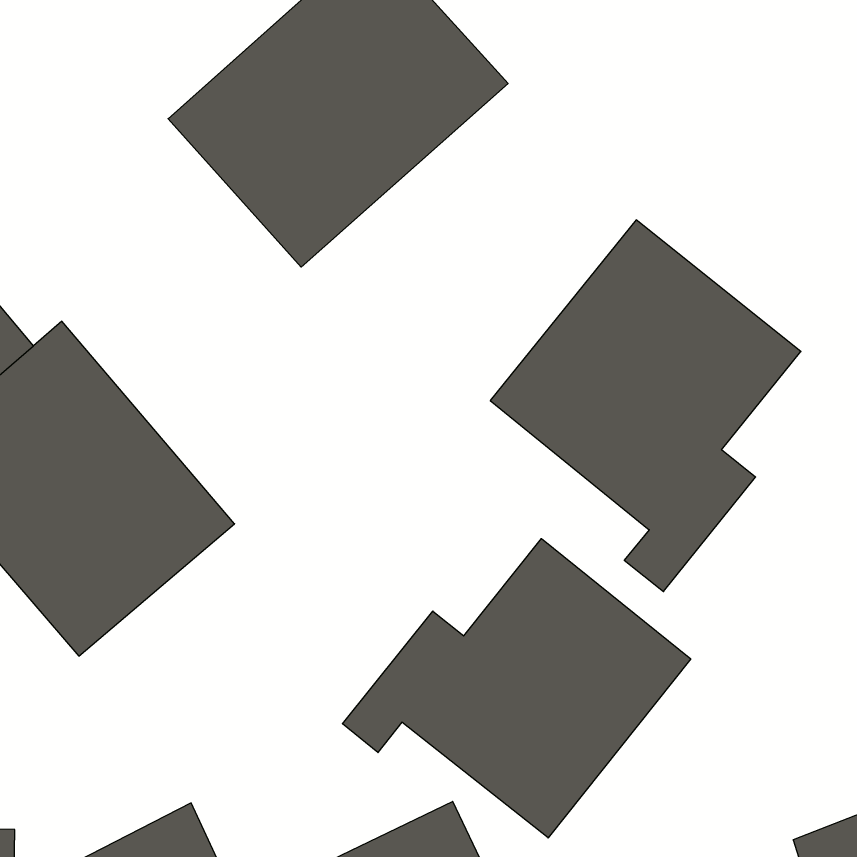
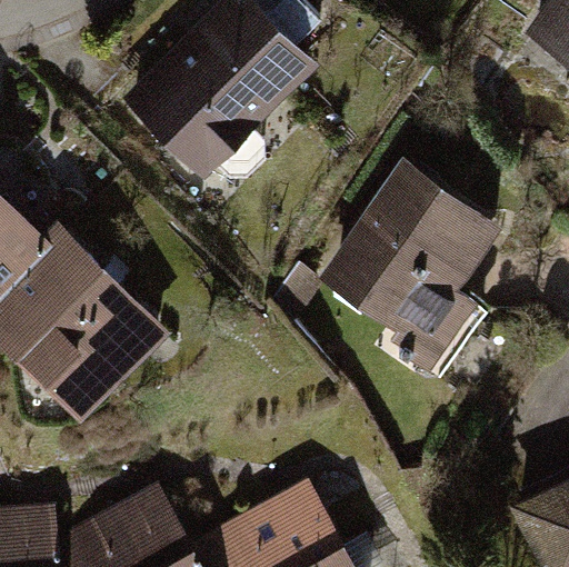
building: [342,539,691,838] -> none

